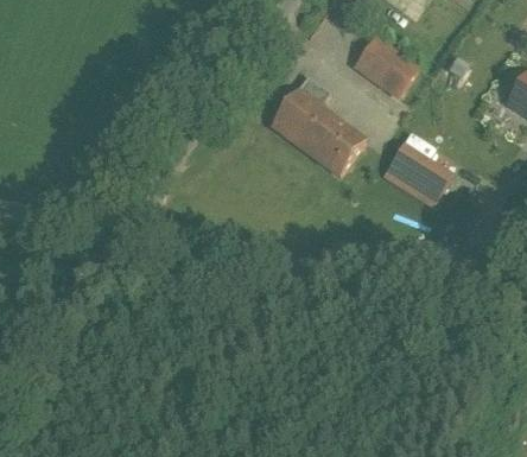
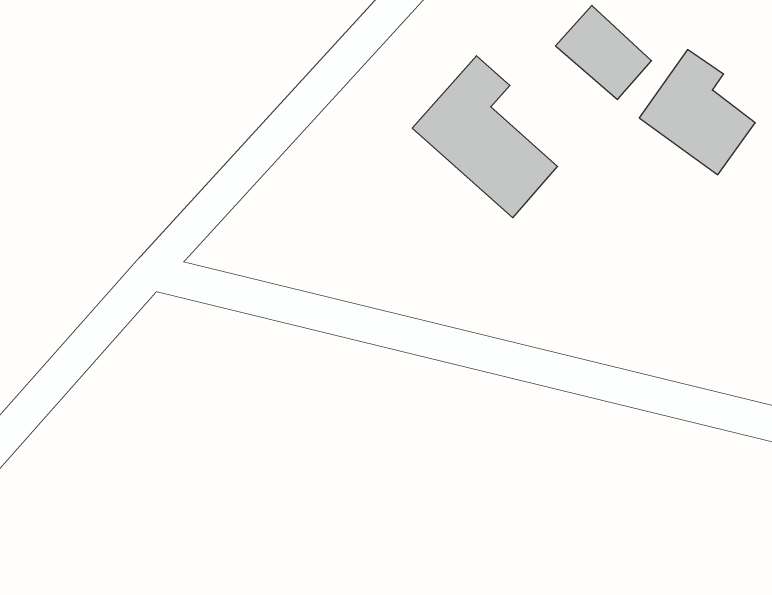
building: [379,131,451,207] -> [639,50,755,175]

